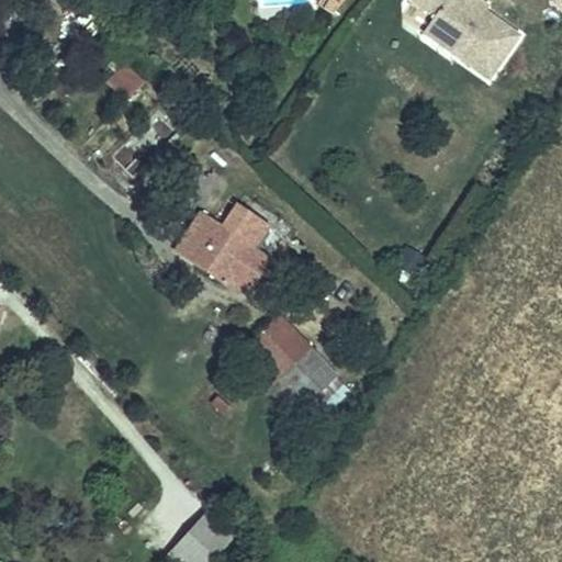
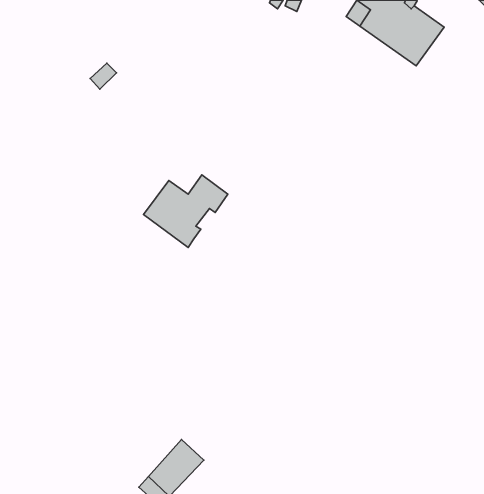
building: [233,238,273,285] -> none
building: [249,313,334,403] -> none

